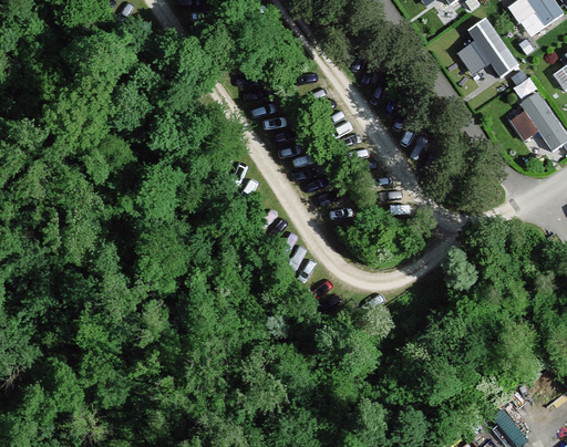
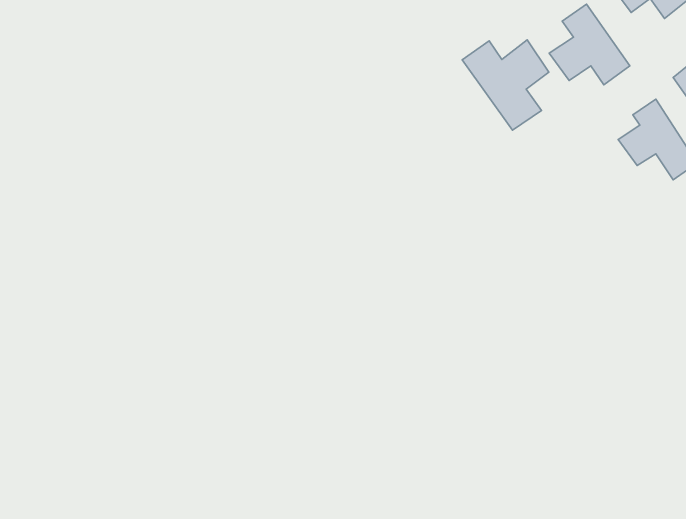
building: none -> [462,40,549,130]

